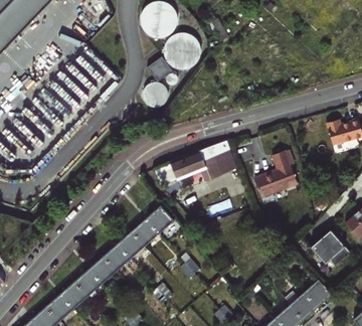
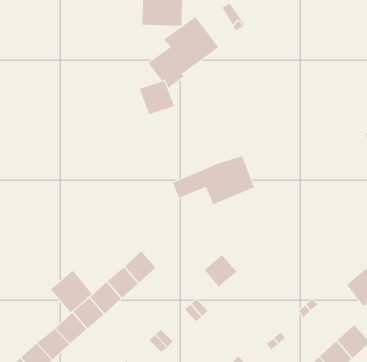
building: [255,150,299,197] -> none
building: [145,205,172,232] -> [204,254,237,288]
building: none -> [50,270,93,313]

